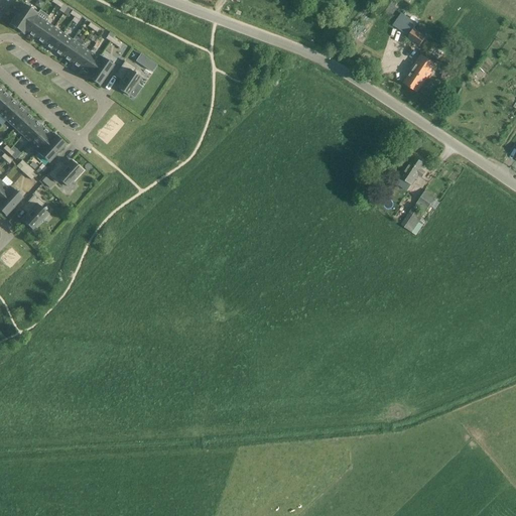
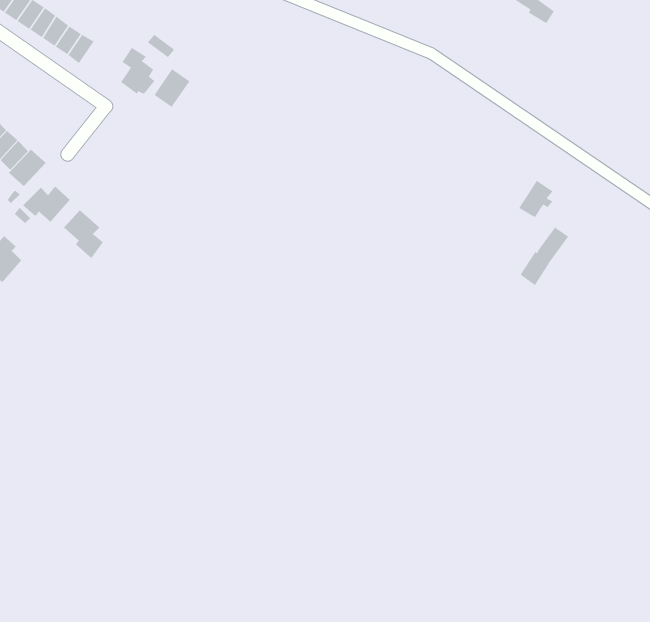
building: [403,53,436,92] -> none
building: [87,56,113,85] -> [154,68,190,108]
building: none -> [63,210,104,259]

